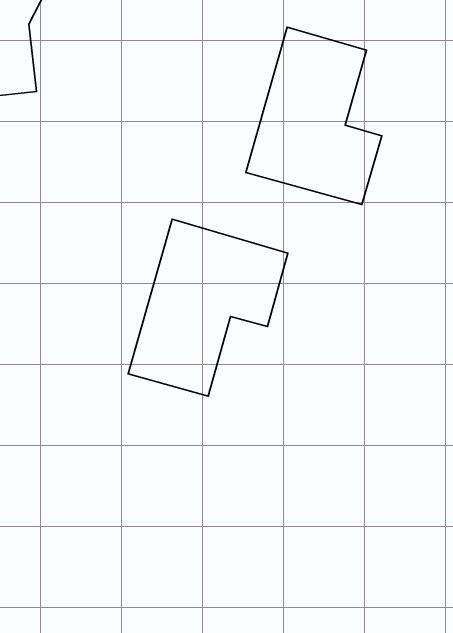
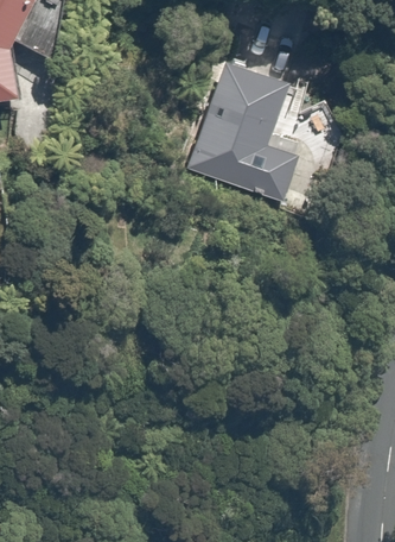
building: [128,219,288,396] -> none

